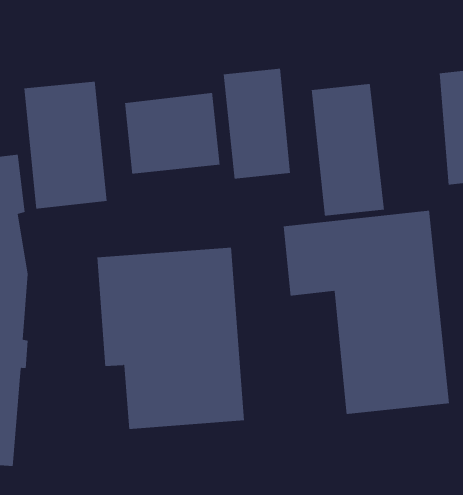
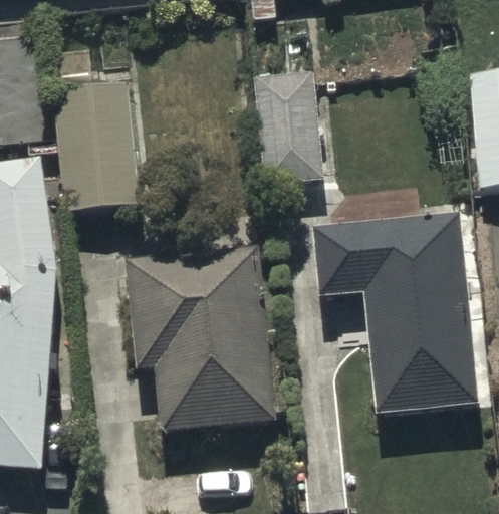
building: [311,83,385,217] -> none
building: [124,92,220,174] -> none

